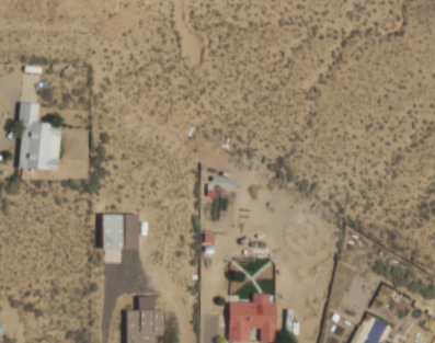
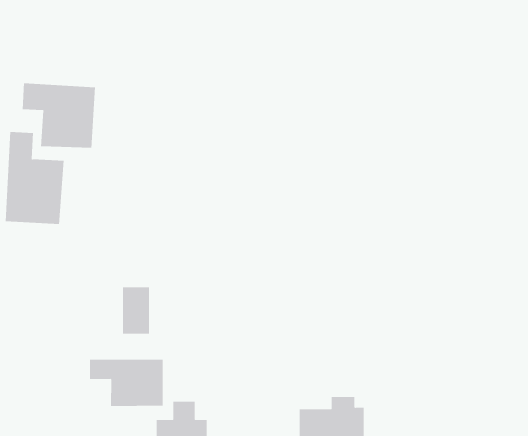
building: none -> [22,82,95,149]
building: none -> [89,359,163,407]

